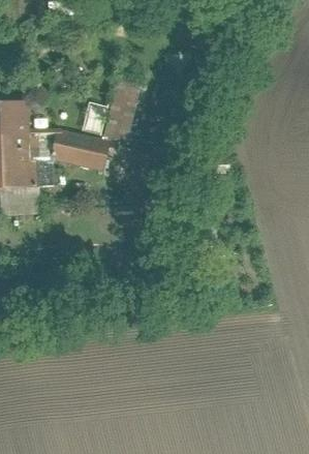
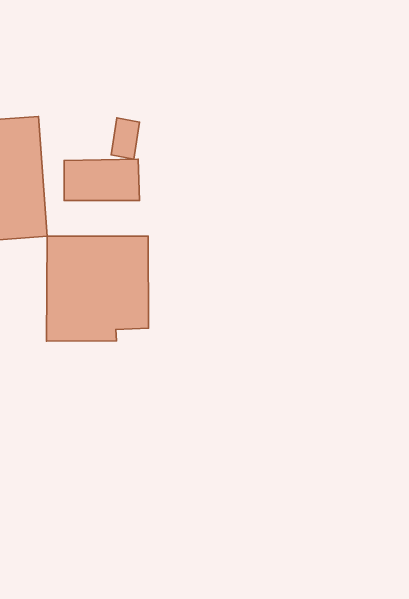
building: [104,72,142,135] -> none
building: none -> [47,236,148,341]

